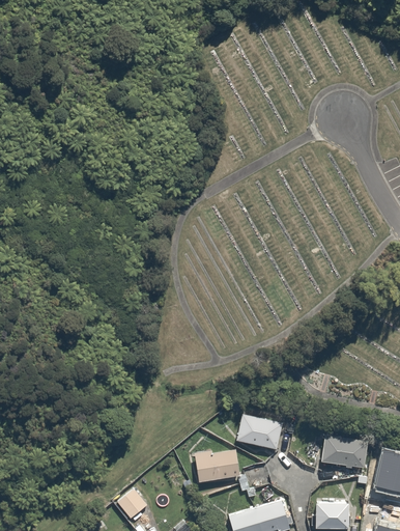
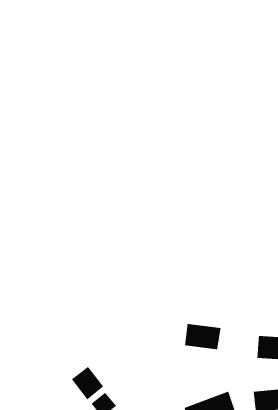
building: [194,448,239,482] -> none
building: none -> [71,366,104,400]

